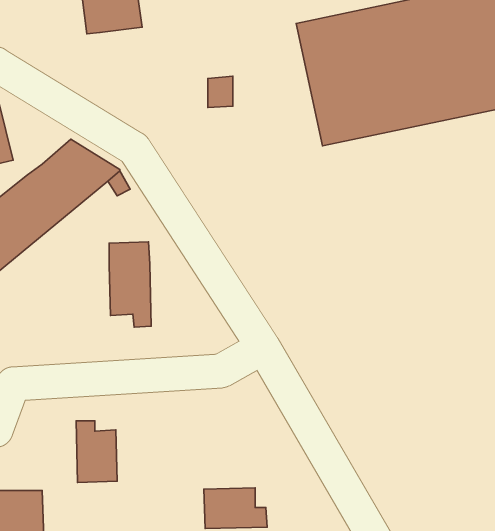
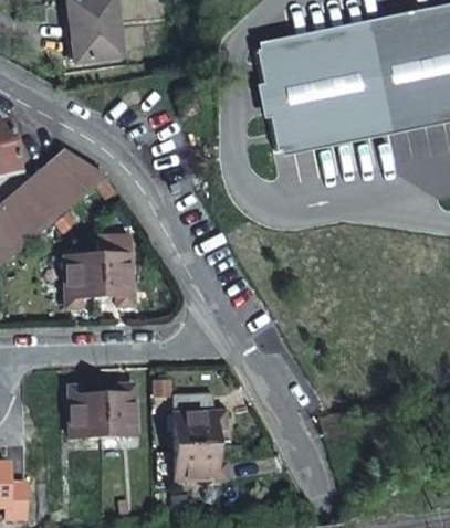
building: none -> [62,254,96,307]
building: none -> [101,382,136,435]
building: none -> [174,408,224,442]

